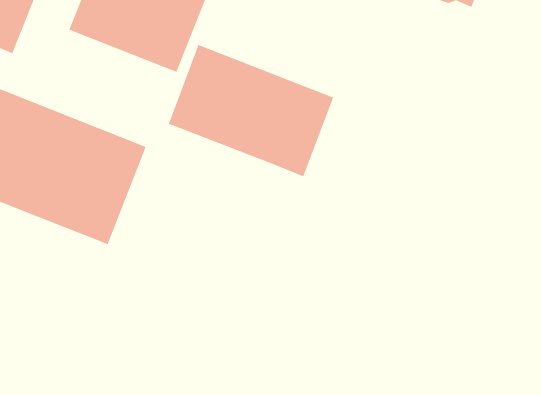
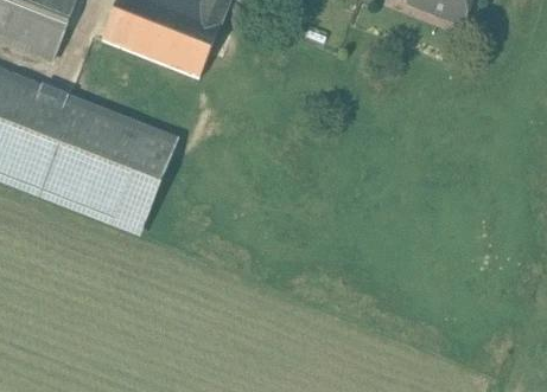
building: [168,44,334,177] -> none

